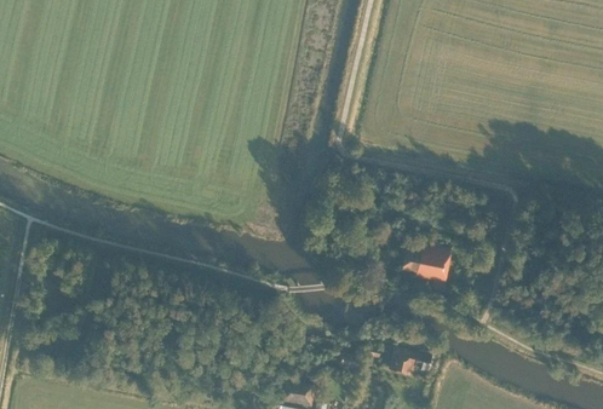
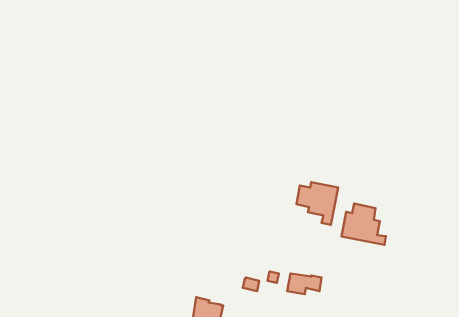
building: none -> [341,204,386,245]

